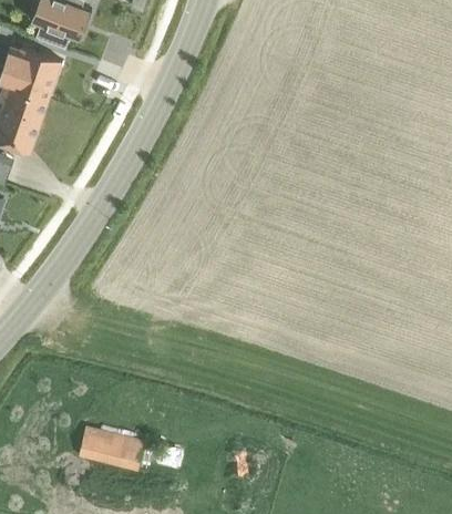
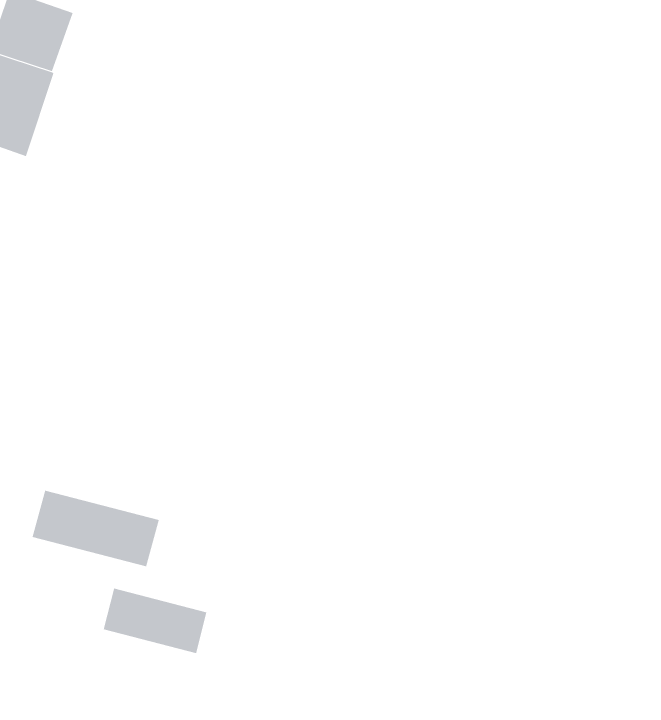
building: none -> [32,490,159,567]

